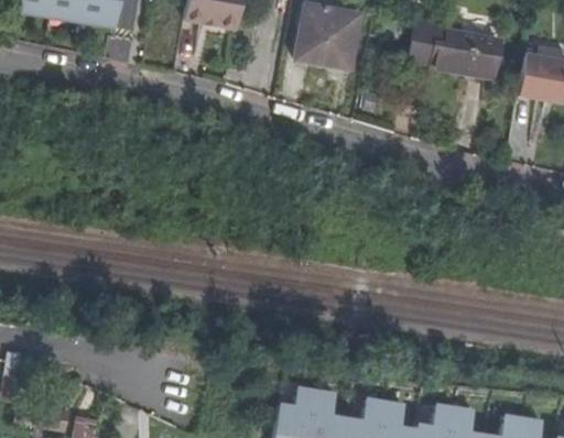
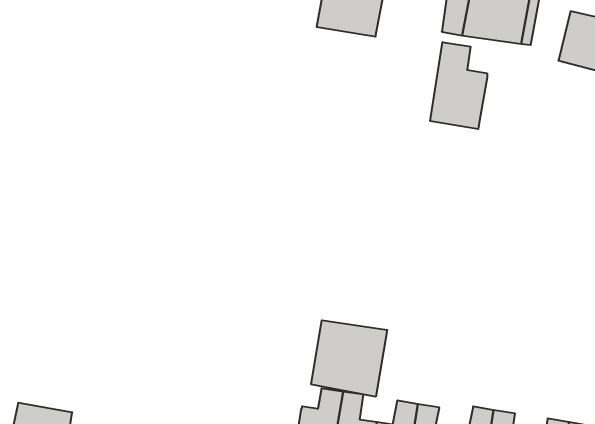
building: none -> [430,42,487,129]
building: none -> [311,320,387,397]

